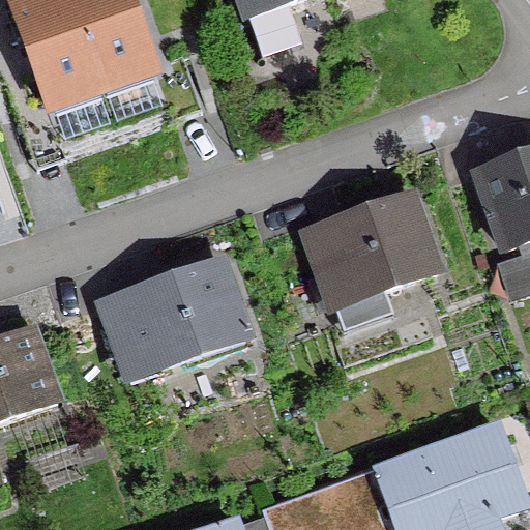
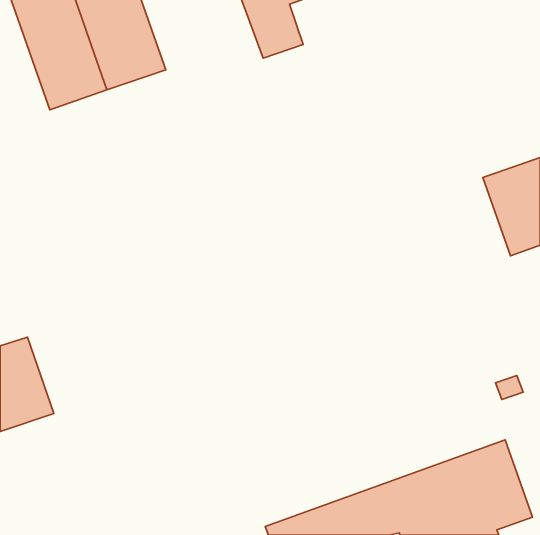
building: [303,197,433,303] -> none
building: [99,264,241,369] -> none

